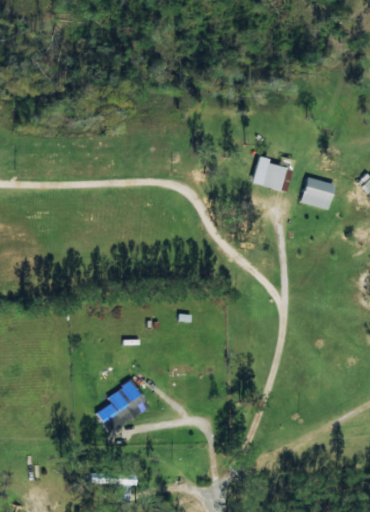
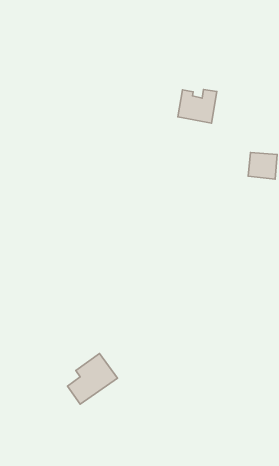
building: [252,156,295,193] -> [178,89,217,123]

